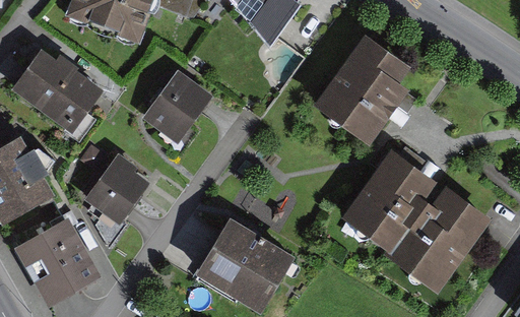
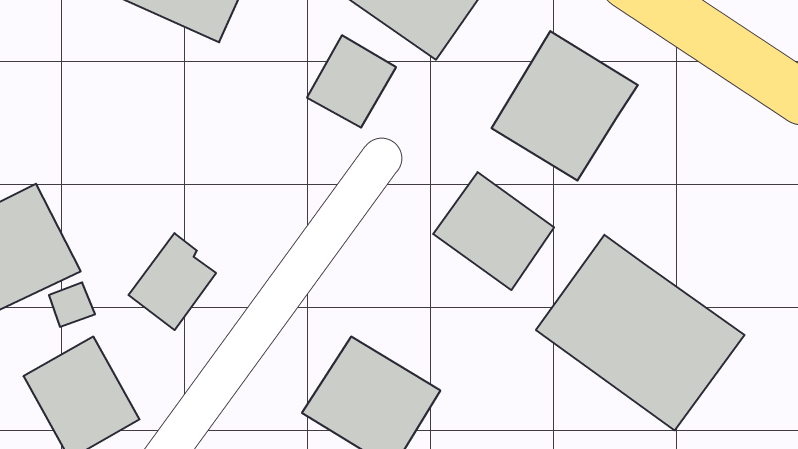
building: [15,45,104,128] -> none
building: [148,76,205,135] -> [307,35,396,128]
building: none -> [433,172,554,290]

